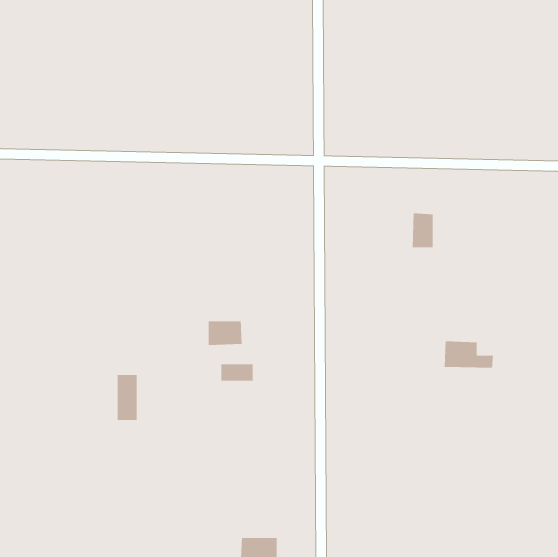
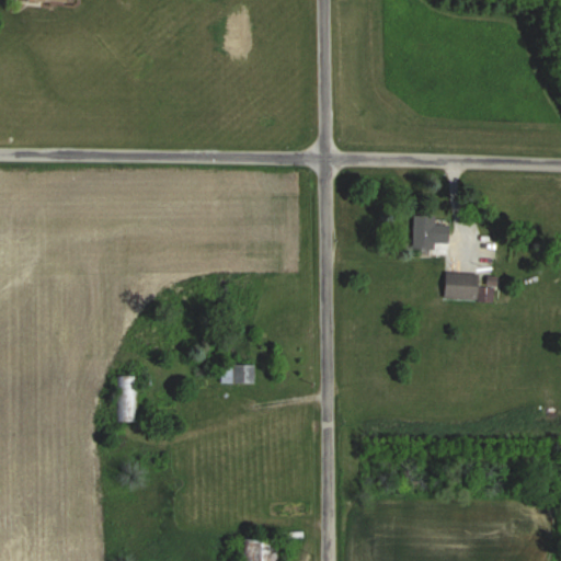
building: [208,320,242,346] -> none
building: [444,341,494,368] -> [444,273,494,300]

